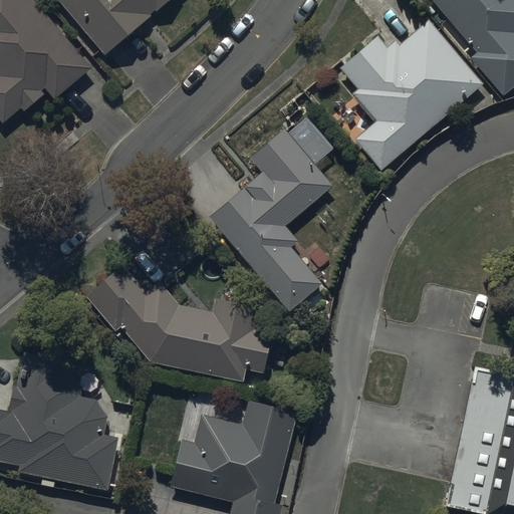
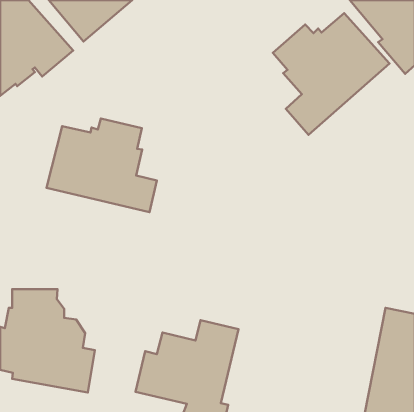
building: [207,116,334,313] -> none
building: none -> [47,119,157,212]
building: [83,262,270,381] -> none

